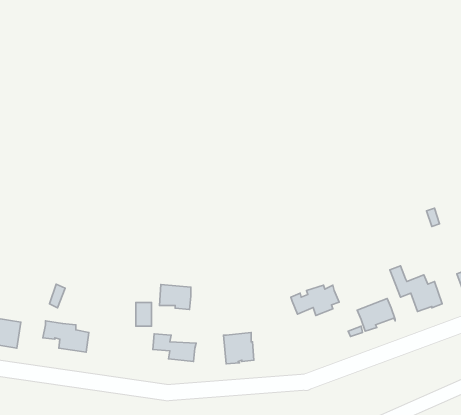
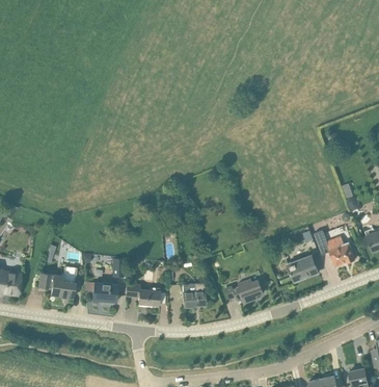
building: [159,284,191,309] -> [92,282,117,302]
building: [291,285,339,315] -> [225,279,264,303]

